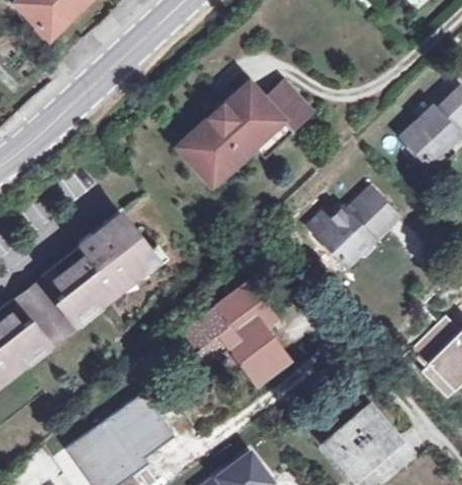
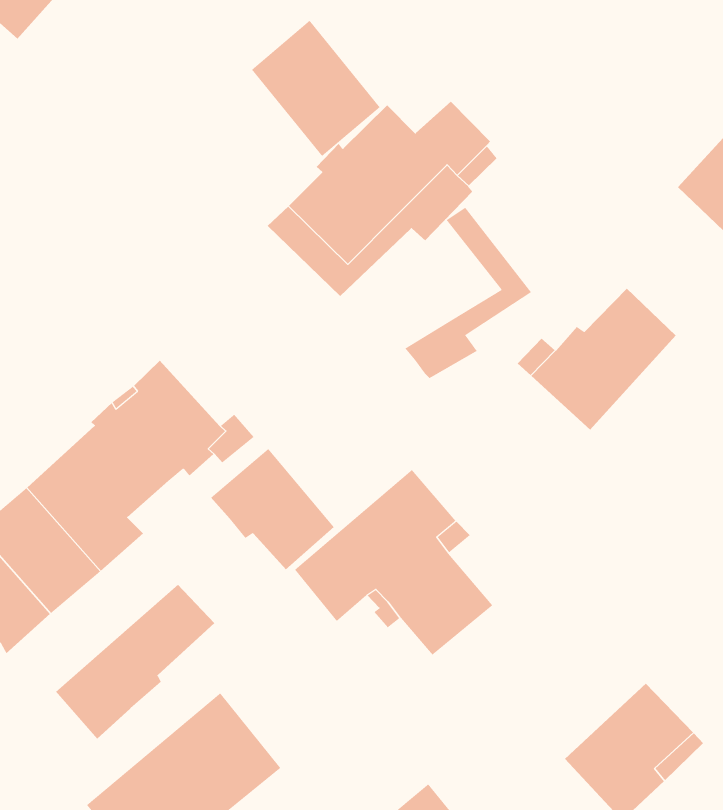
building: none -> [251,20,381,157]
building: none -> [405,207,532,379]
building: none -> [210,448,335,570]
building: none -> [55,584,215,739]

